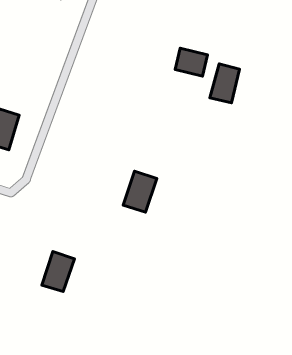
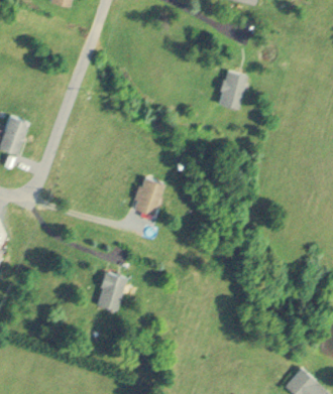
building: [175,48,208,76] -> none
building: [42,252,74,291] -> [95,273,127,312]

